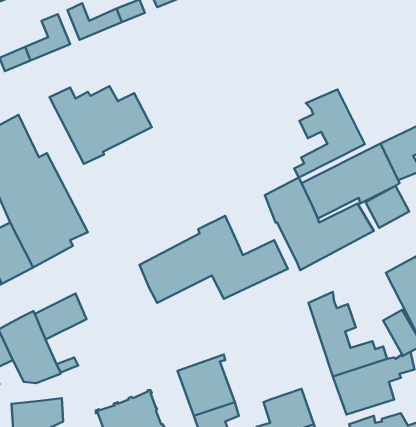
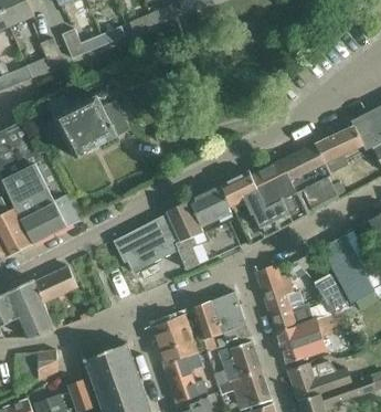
building: [294,90,365,178] -> none
building: none -> [189,184,230,225]
building: none -> [193,290,250,351]

